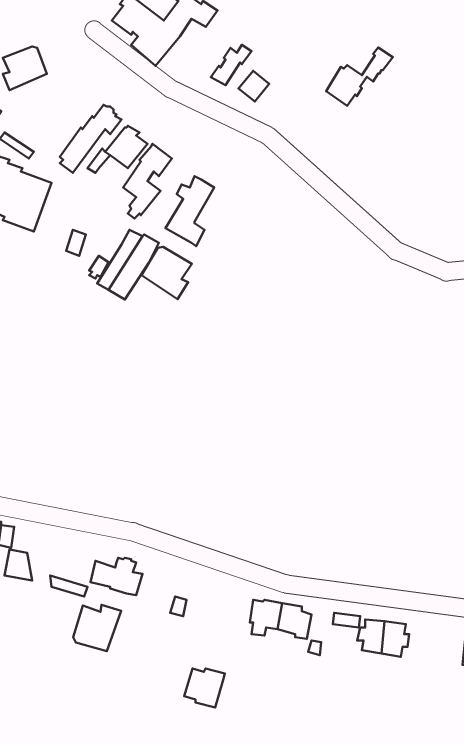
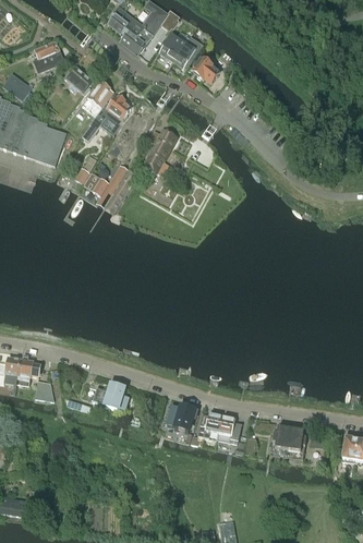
building: [326,47,393,106] -> [159,23,204,62]
building: none -> [63,65,93,94]
building: [141,247,192,299] -> none
building: [73,605,121,651] -> none
building: [184,669,225,708] -> [167,406,194,432]

